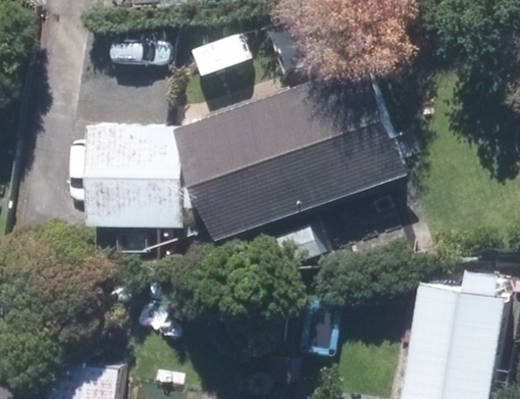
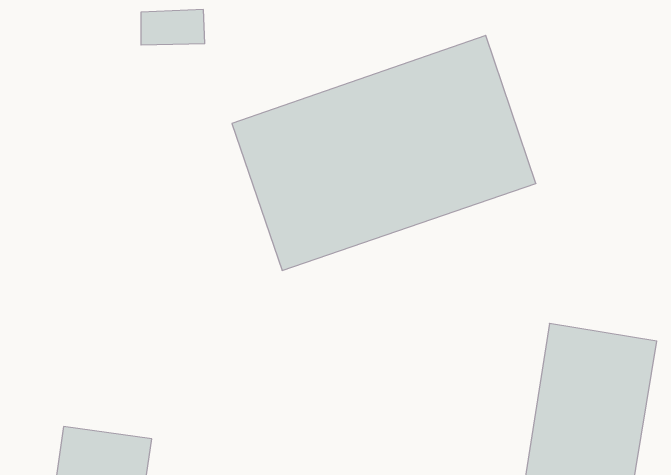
building: [88,123,176,227] -> none

